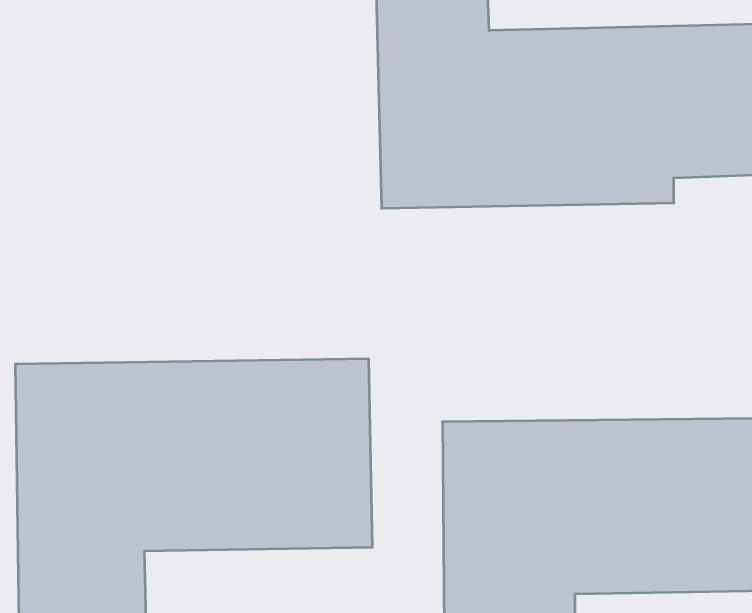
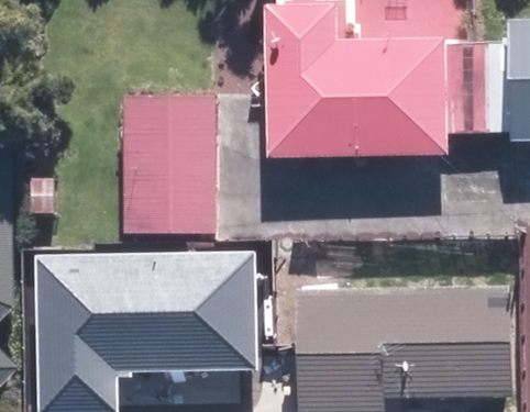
building: none -> [121,100,209,234]

